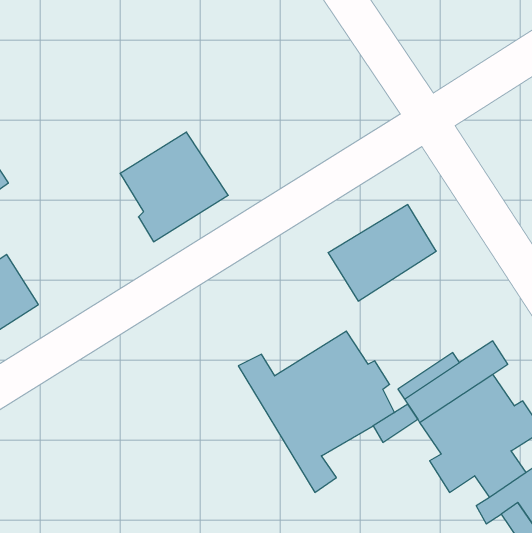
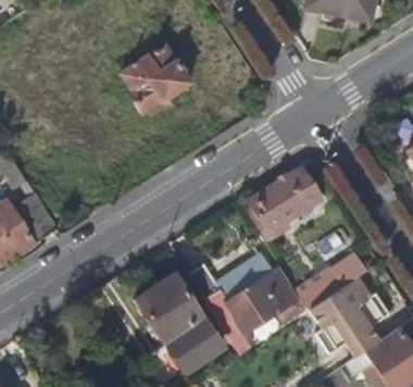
building: [120,132,228,242] -> [122,43,192,115]
building: none -> [134,272,220,372]

